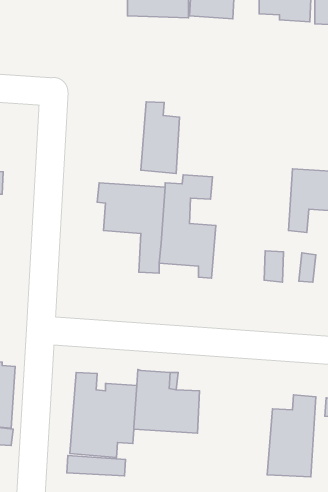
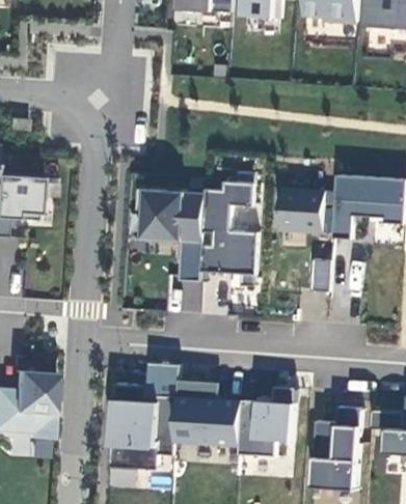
building: [141,102,180,173] -> none
building: none -> [281,187,328,231]
building: none -> [138,361,182,400]
building: none -> [241,386,298,456]

